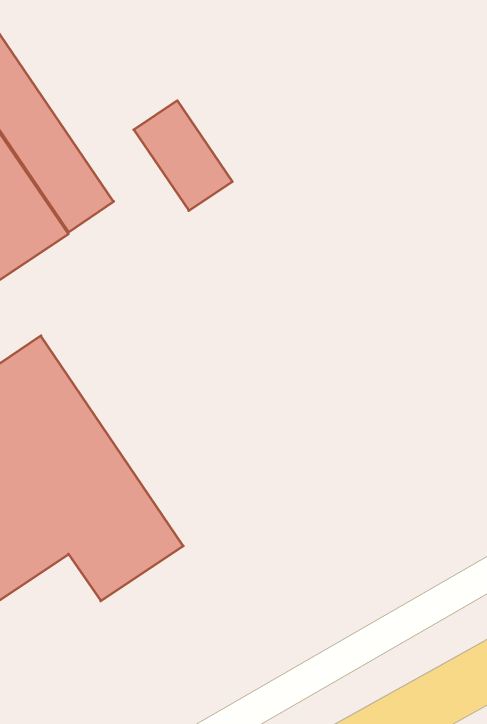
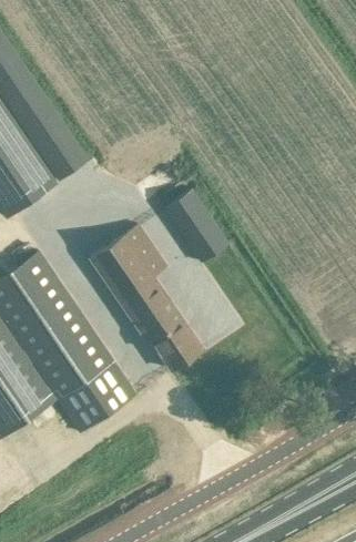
building: [134,101,232,211] -> [163,187,231,263]
building: none -> [91,224,203,370]

